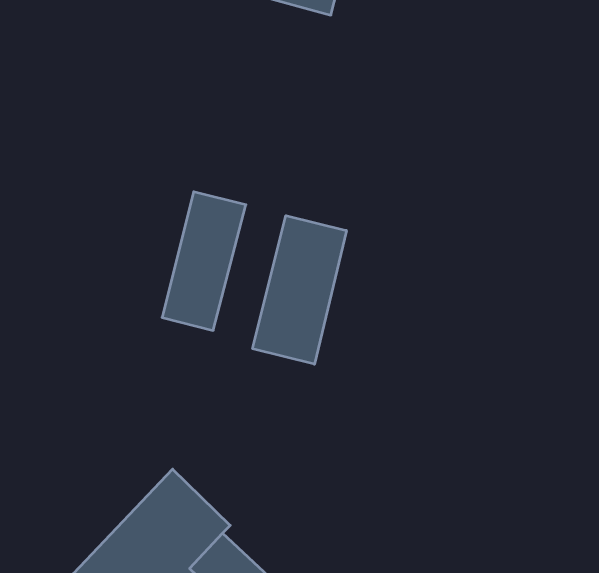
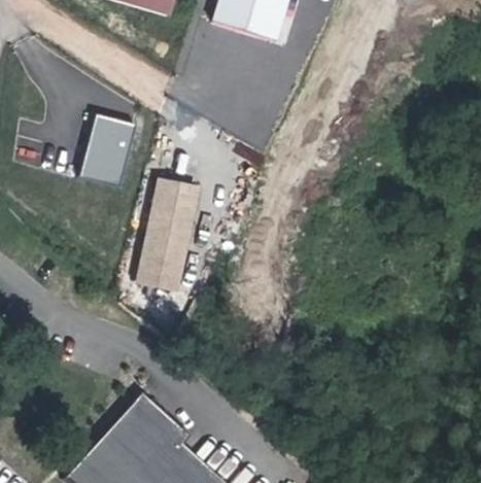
building: none -> [80,111,135,180]
building: [253,216,346,364] -> none

